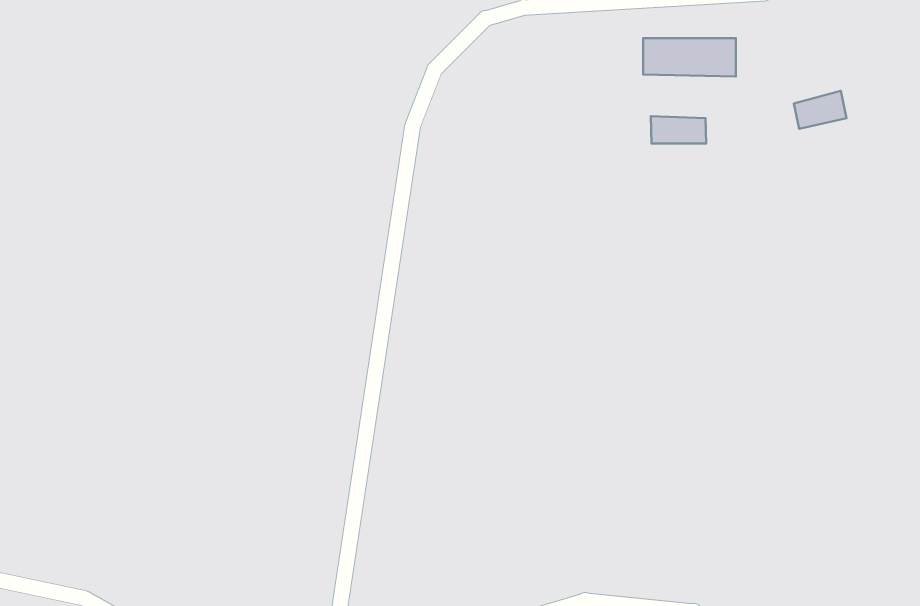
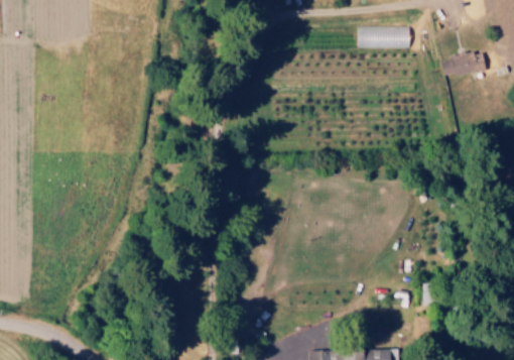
building: [651,116,706,143] -> none

